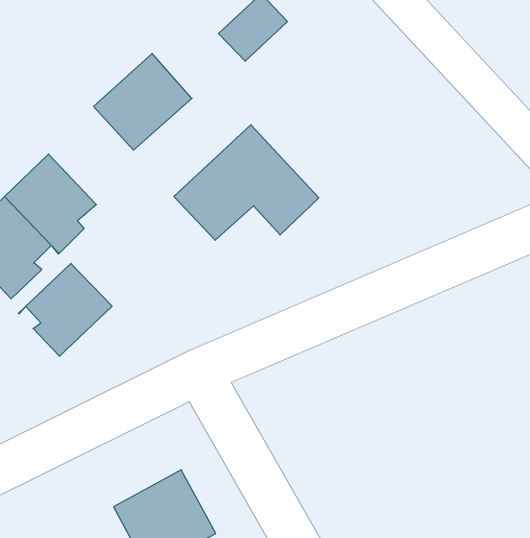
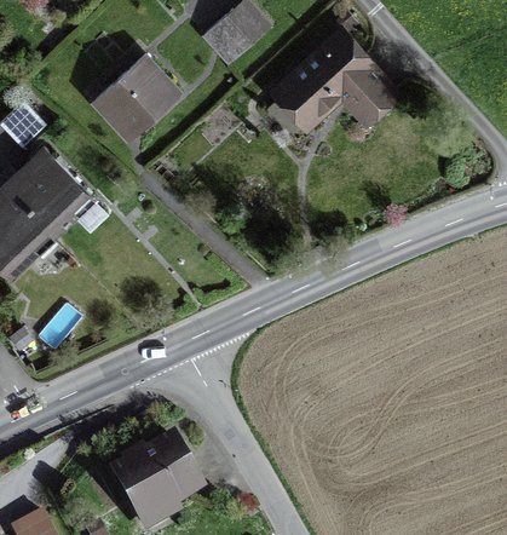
building: [174,125,319,240] -> [266,25,398,131]
building: [18,263,112,356] -> none

